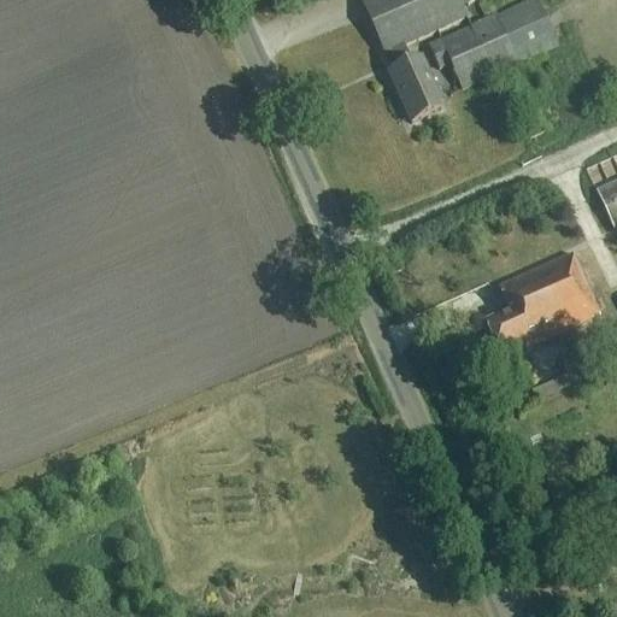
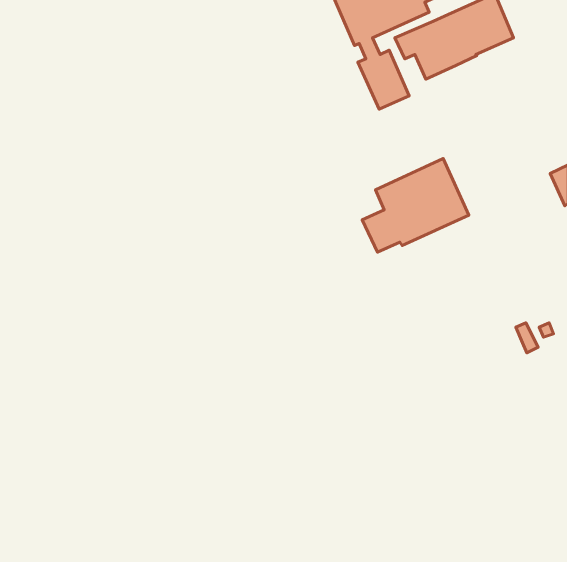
building: [484,251,600,352] -> [362,159,469,252]

